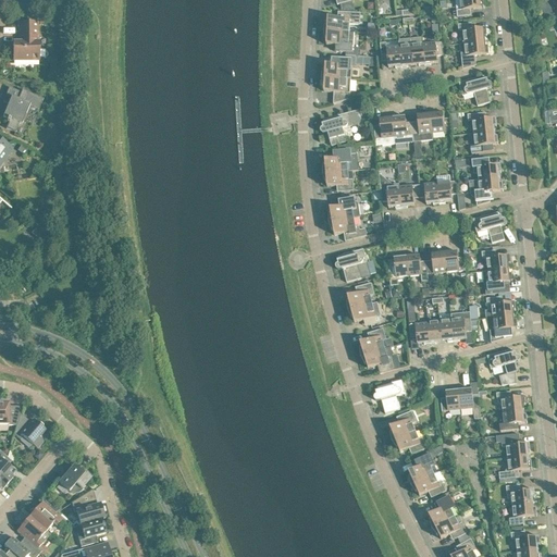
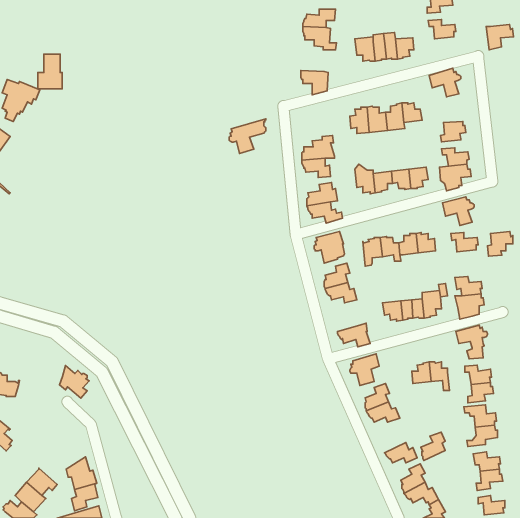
building: [12,20,38,57] -> [38,54,62,89]
building: [459,39,488,66] -> [486,24,514,50]
building: [321,53,354,77] -> none
building: [320,107,359,144] -> [229,119,266,153]
building: [467,110,495,131] -> none
building: [484,267,511,293] -> [487,232,513,256]
building: [359,326,386,354] -> none
building: [13,411,45,446] -> [59,365,89,398]
building: [407,453,433,483] -> [421,432,445,461]
building: [58,463,90,491] -> none

